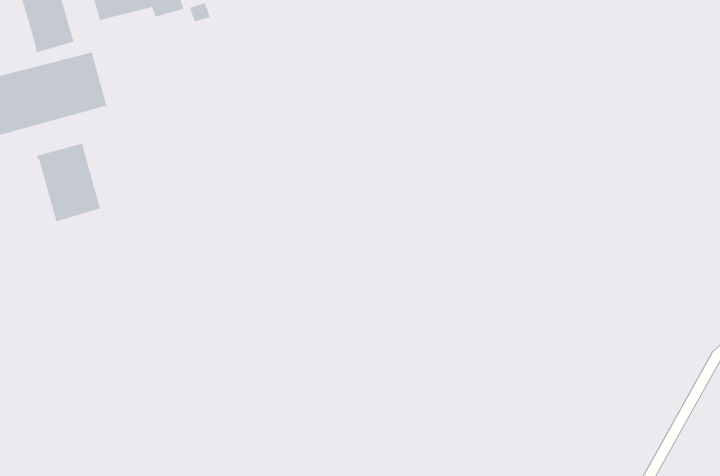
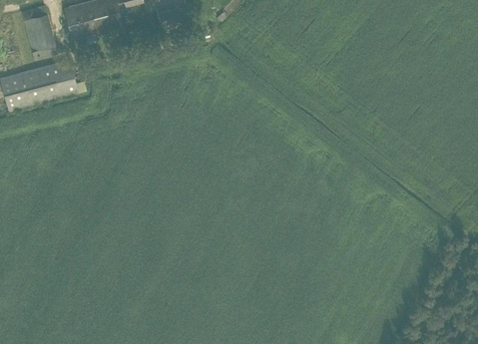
building: [35,143,101,222] -> none

